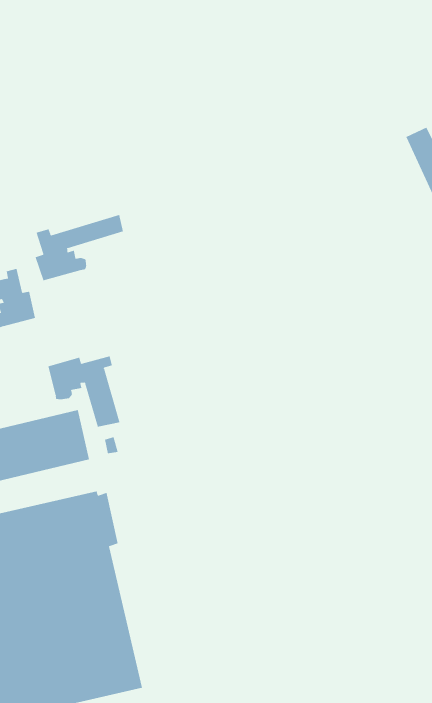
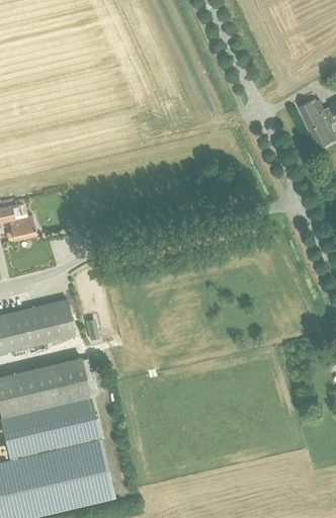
building: [35,214,123,281] -> none
building: [48,356,120,428] -> none

